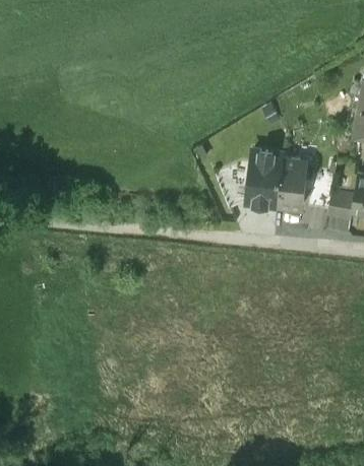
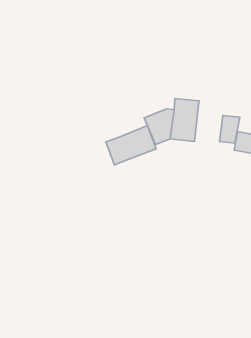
building: [279,160,309,209] -> none
building: none -> [106,126,156,165]

